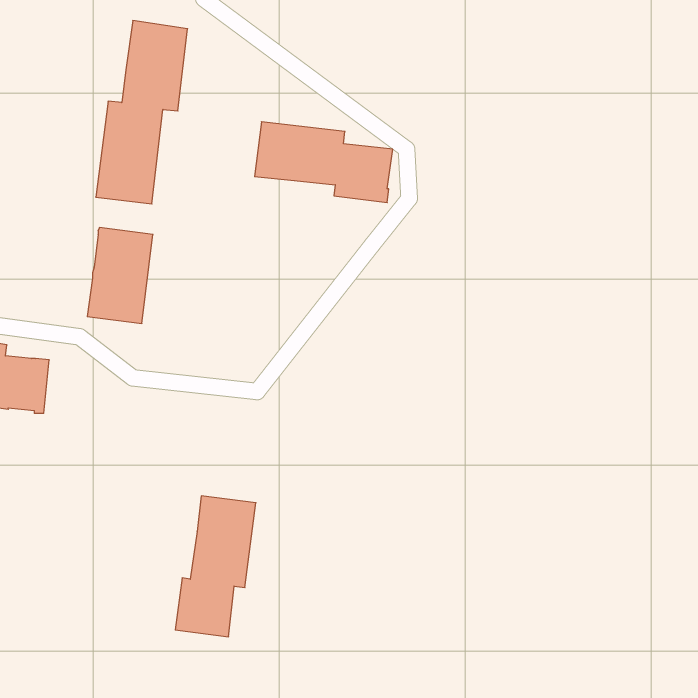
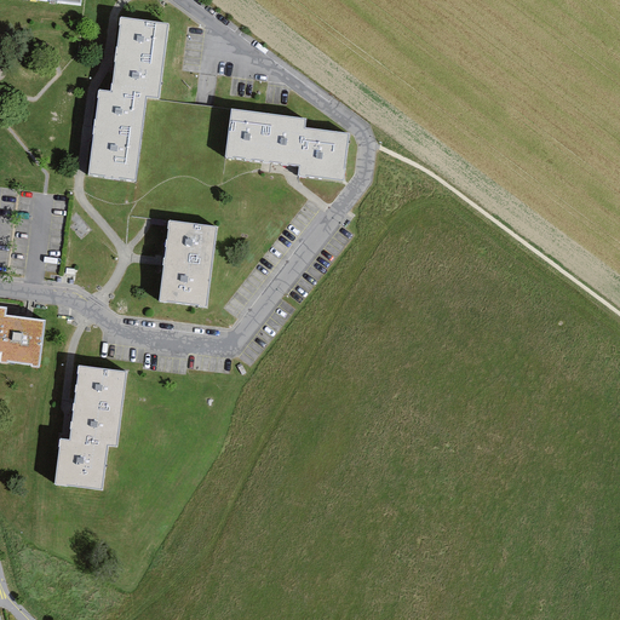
building: [87,228,153,323] -> [159,220,217,305]
building: [175,496,256,637] -> [54,364,126,489]

